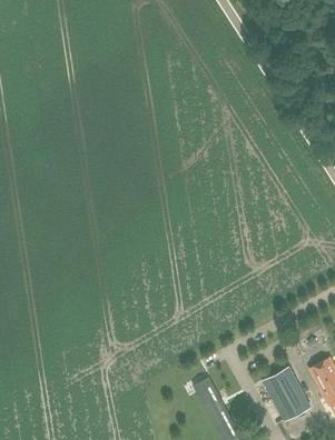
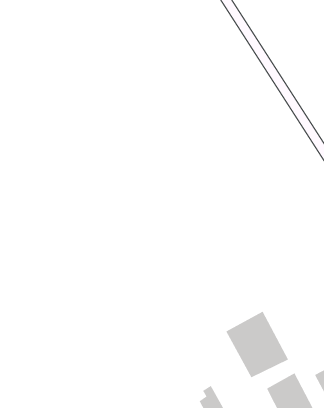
building: none -> [226,311,289,378]

